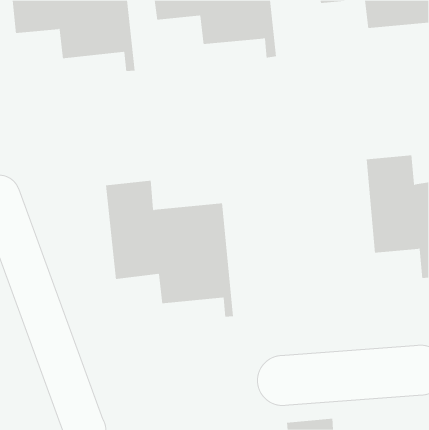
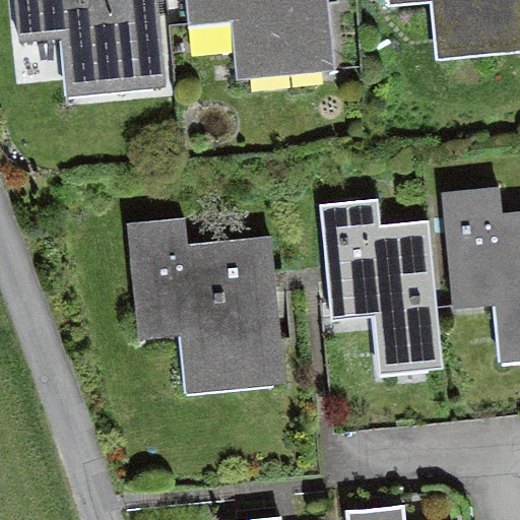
building: none -> [320,199,441,368]

